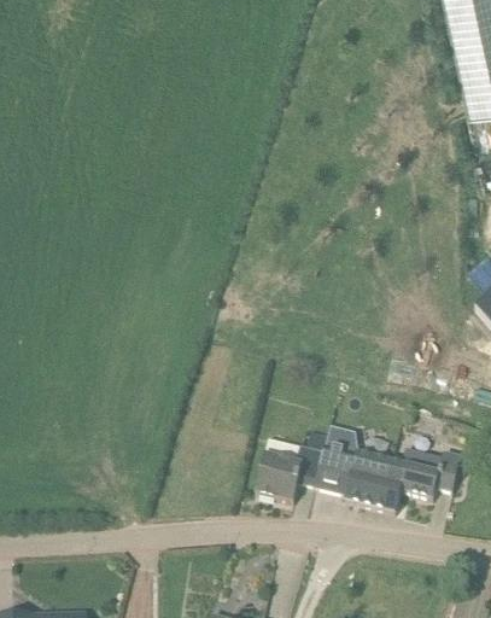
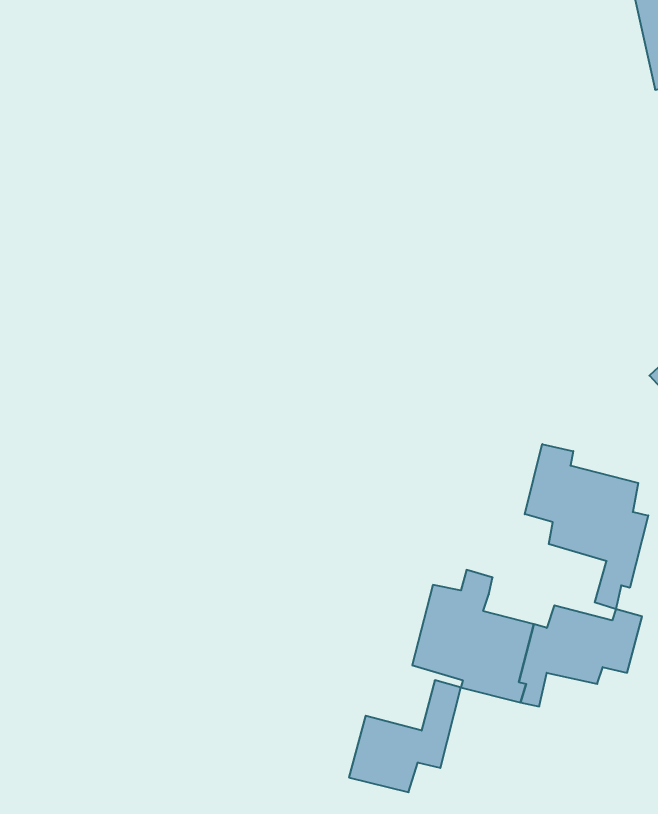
building: none -> [525,444,648,609]
building: [258,428,331,501] -> [349,680,461,792]

